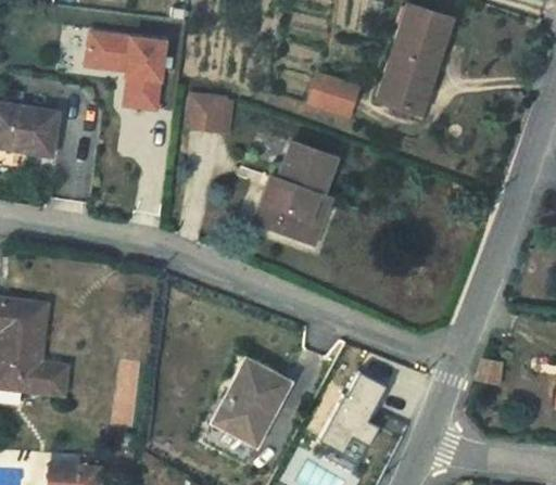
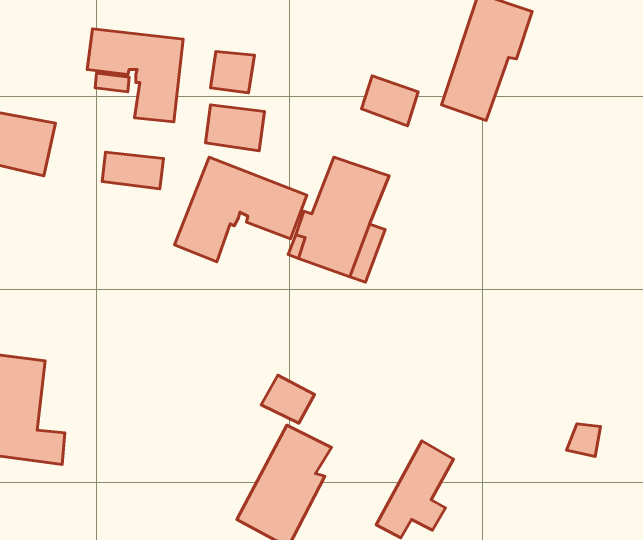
building: none -> [210,51,255,93]
building: none -> [102,152,163,189]
building: none -> [175,157,307,262]
building: none -> [261,375,315,423]

